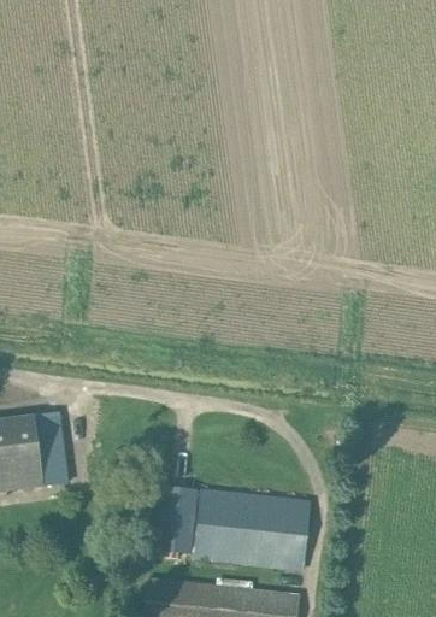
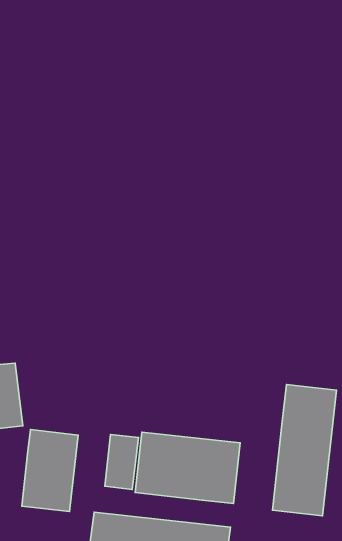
building: none -> [273,385,336,516]
building: none -> [22,429,78,512]

